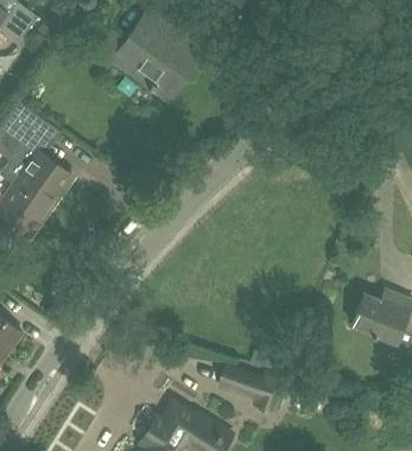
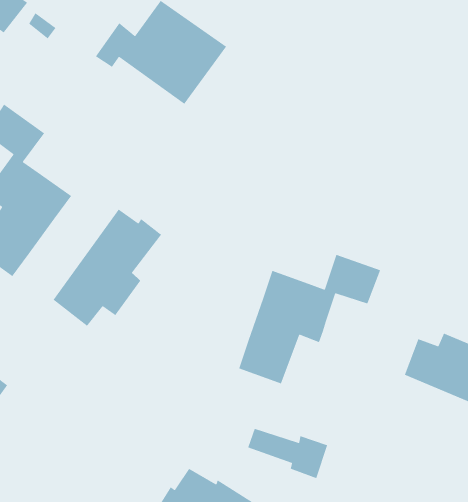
building: none -> [53,209,163,327]
building: none -> [238,254,381,384]

